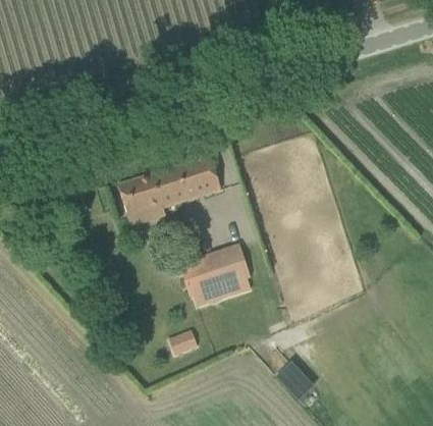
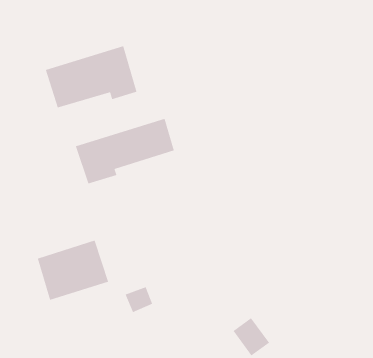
building: none -> [45,45,137,109]
building: [179,244,254,307] -> [37,239,109,301]

